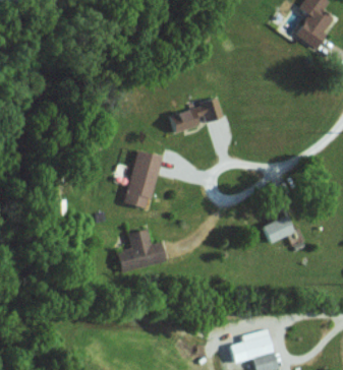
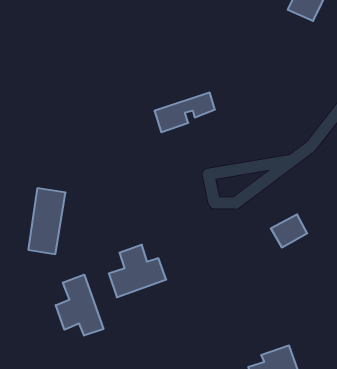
building: [124,149,162,208] -> [28,188,66,254]
building: none -> [56,275,103,336]

